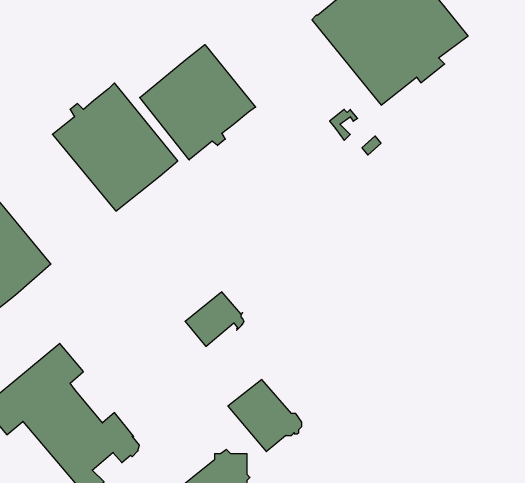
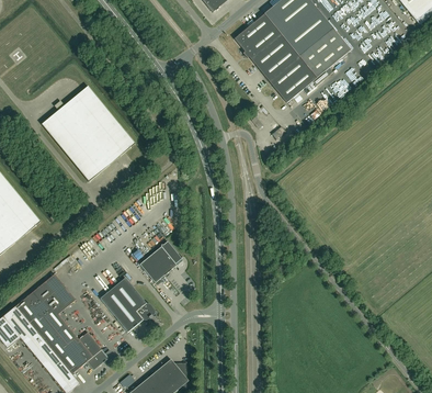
building: [140,45,256,160] -> none
building: [228,380,302,452] -> [100,277,155,330]

